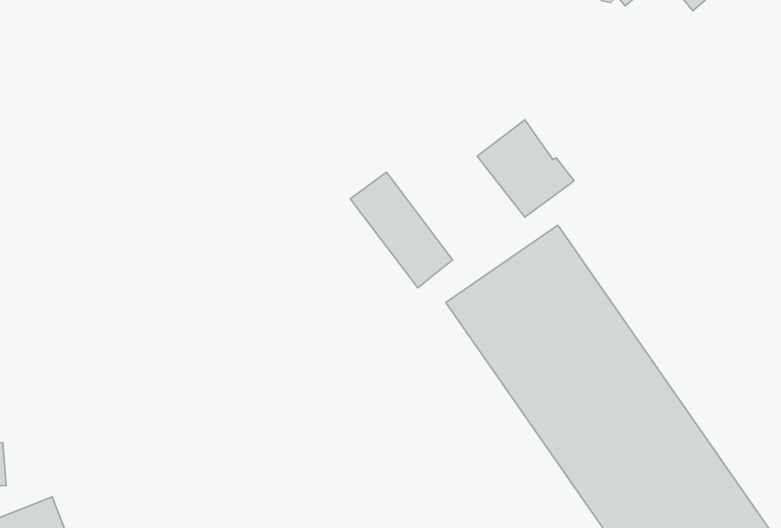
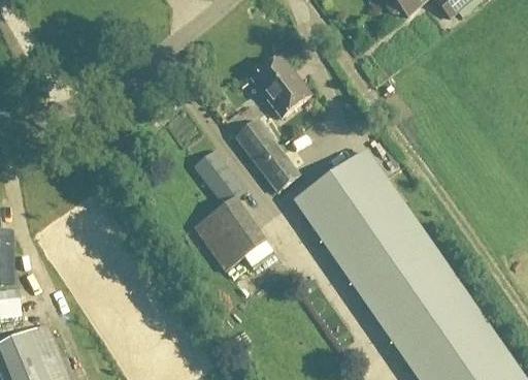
building: [477,120,574,217] -> [251,54,311,115]
building: none -> [192,149,272,268]

